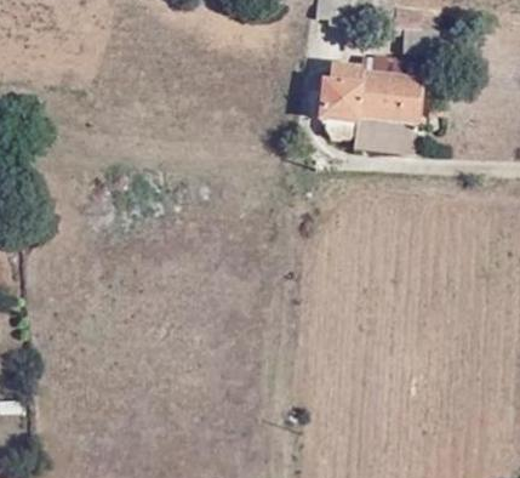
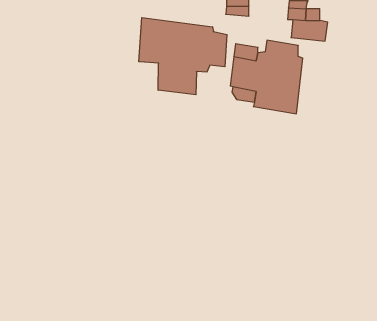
building: none -> [139,18,227,95]

